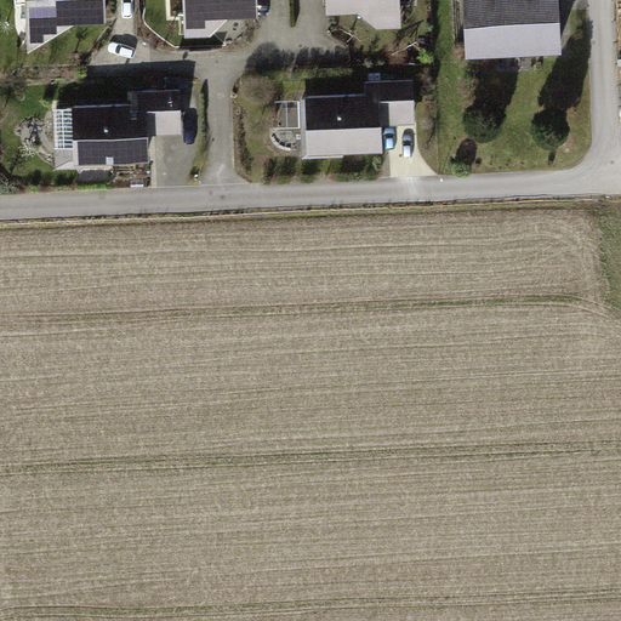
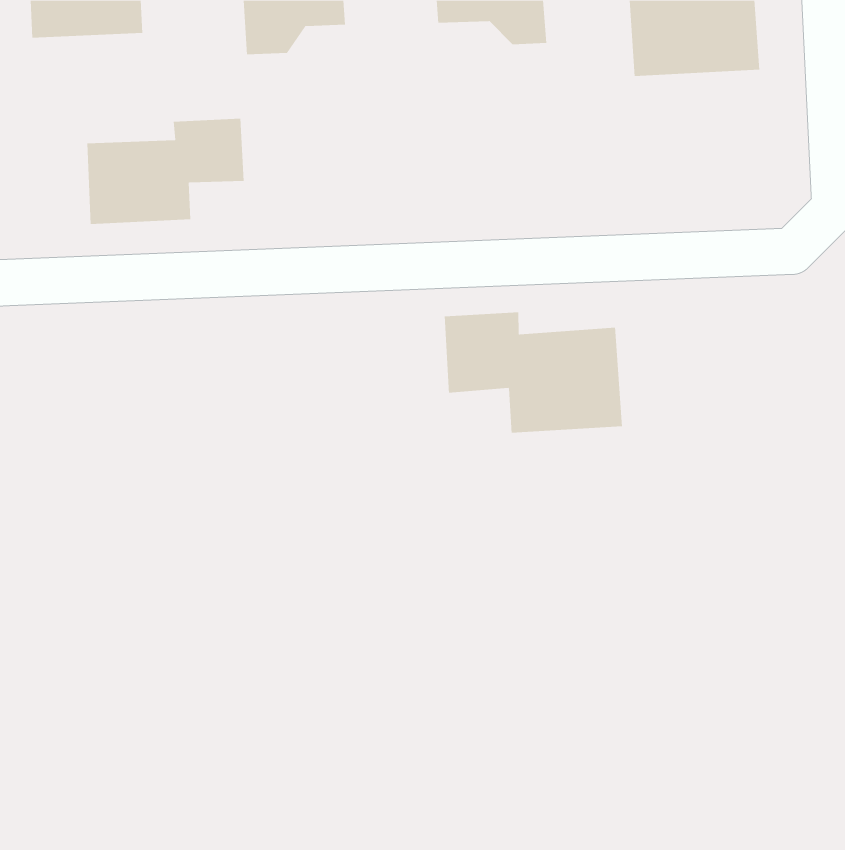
building: [301,80,416,156] -> none
building: none -> [444,311,622,433]

